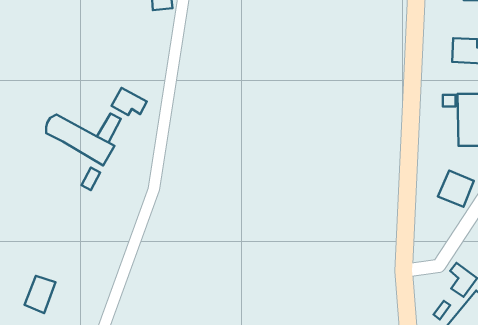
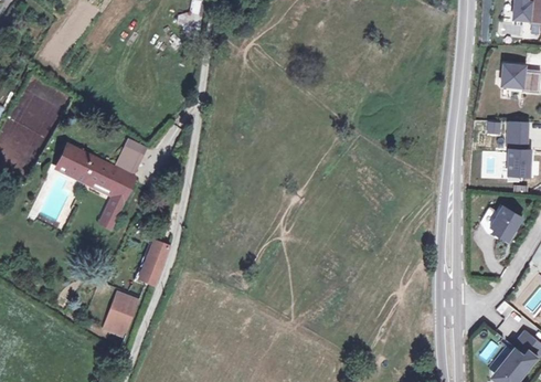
building: [111,88,147,115] -> none
building: none -> [142,242,171,283]
building: [25,276,56,313] -> [108,298,141,338]

